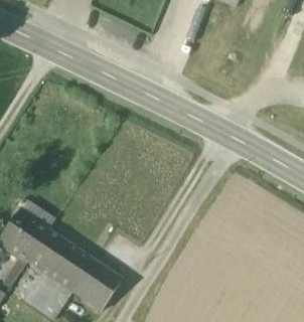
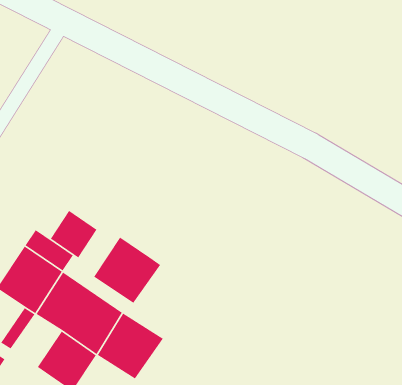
building: none -> [50,210,98,259]
building: none -> [93,237,161,304]

